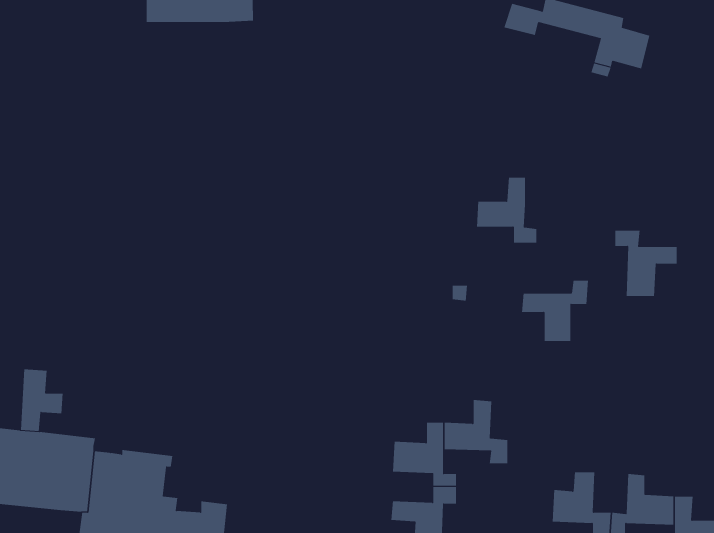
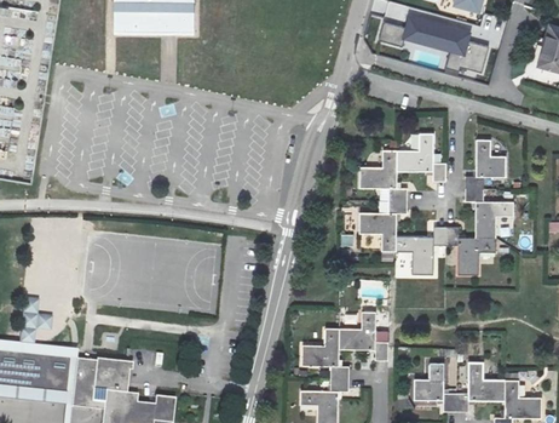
building: none -> [398,132,446,183]
building: none -> [465,141,507,190]
building: none -> [359,200,407,252]
building: none -> [444,228,495,275]

